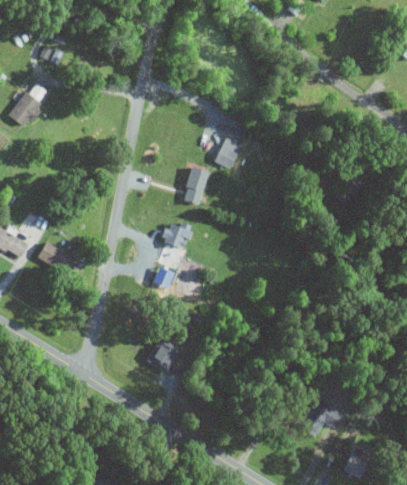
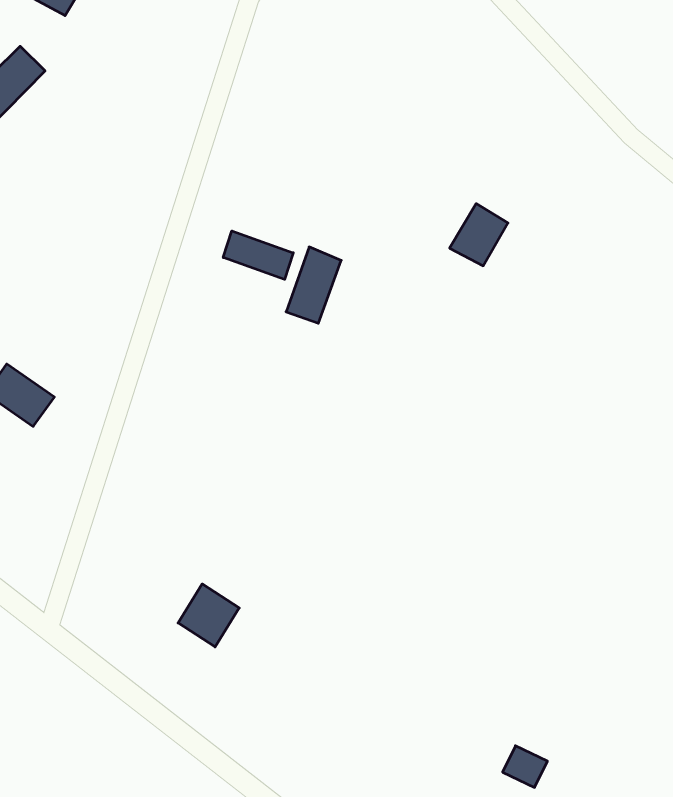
building: [212,137,240,168] -> [450,204,508,266]
building: none -> [223,231,293,279]
building: [163,223,191,250] -> none

